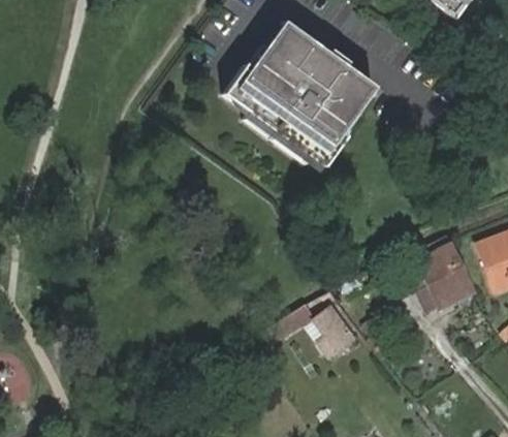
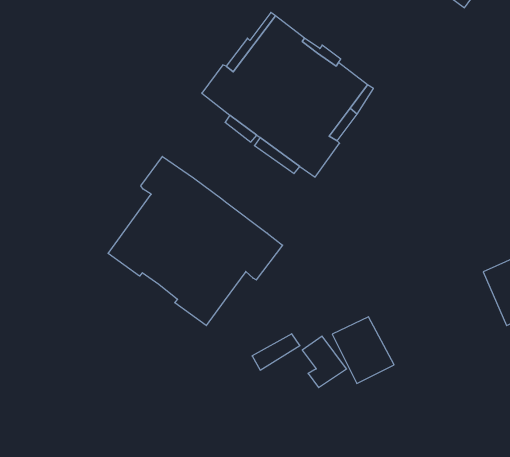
building: none -> [108,156,283,326]
building: [419,249,474,308] -> [332,317,394,383]

